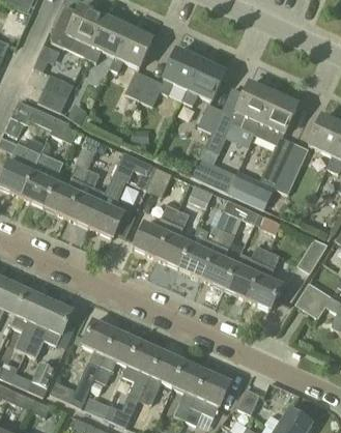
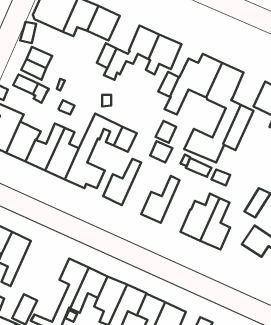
building: [154,207,189,267] -> none
building: [200,228,235,288] -> none
building: [25,298,74,355] -> none

